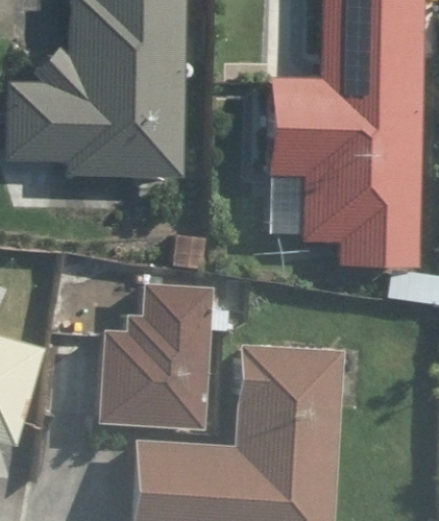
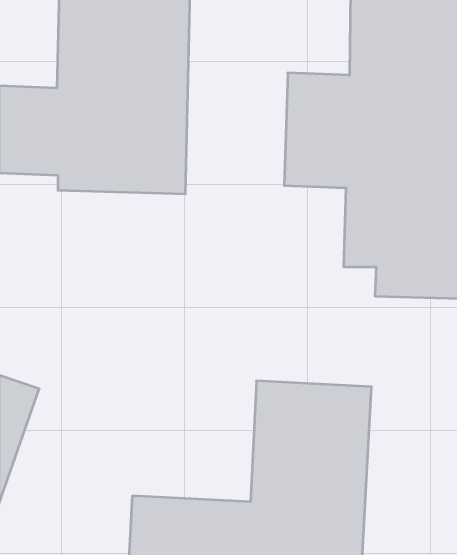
building: [99,288,207,429] -> none

